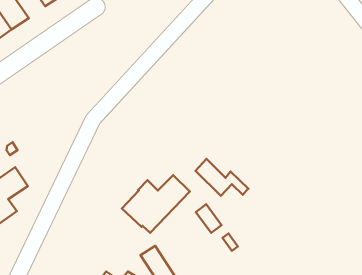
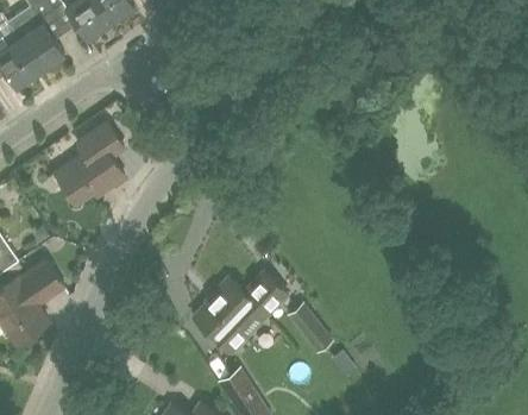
building: none -> [55,122,124,203]
building: [195,159,249,196] -> none

